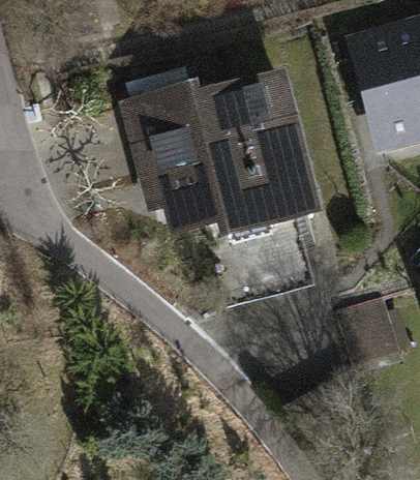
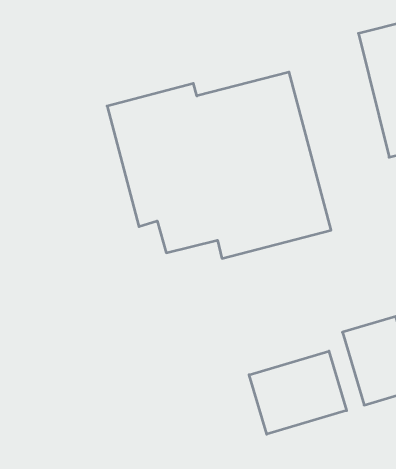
building: none -> [249,351,347,434]

